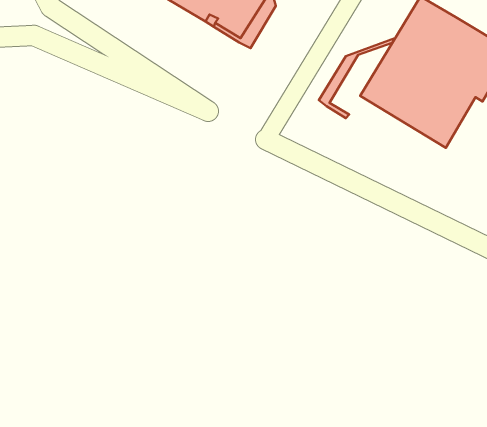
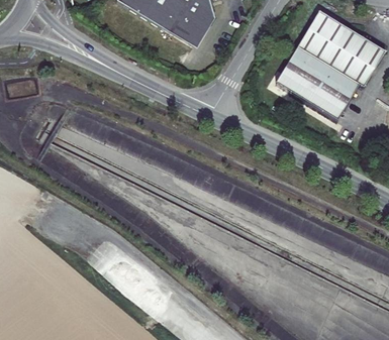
building: [319,38,395,118] -> none

